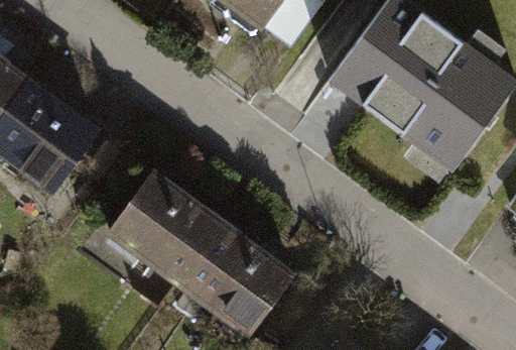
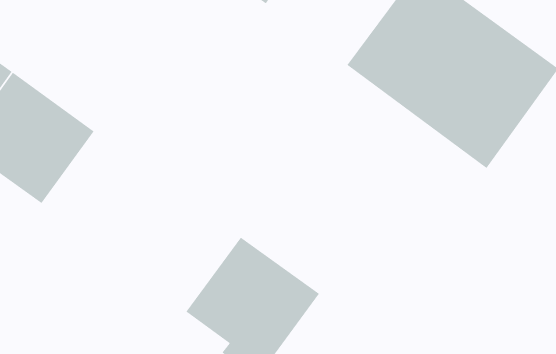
building: [117,174,236,291] -> none

